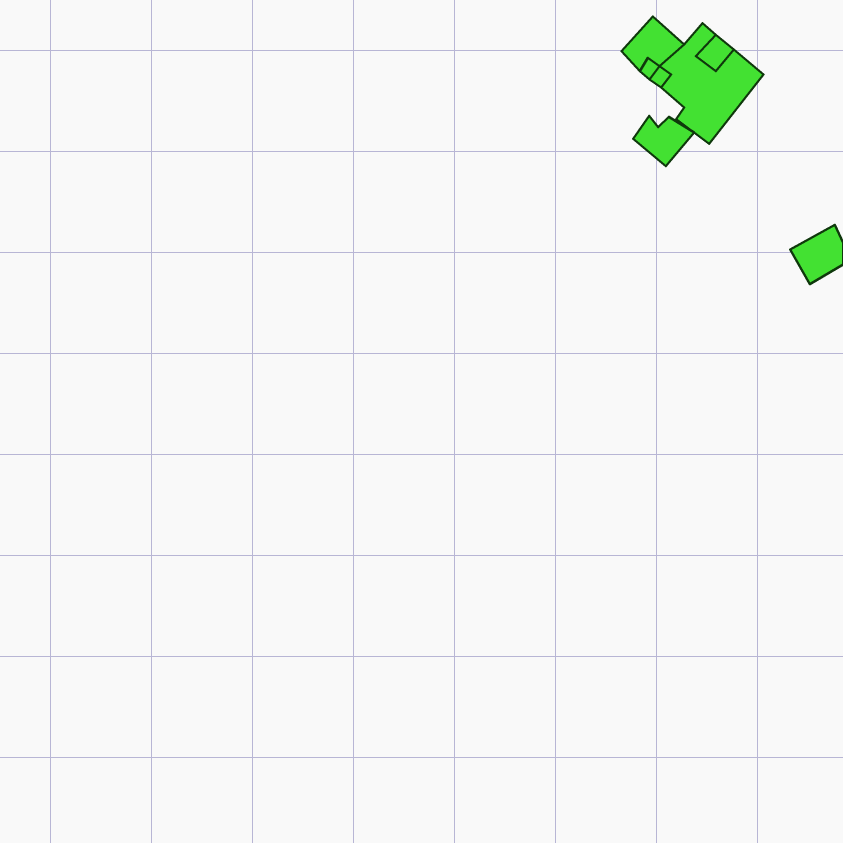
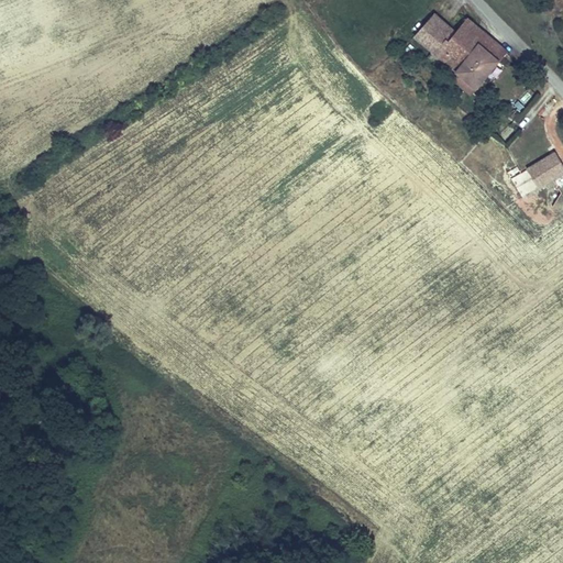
building: [633,116,694,166] -> none

